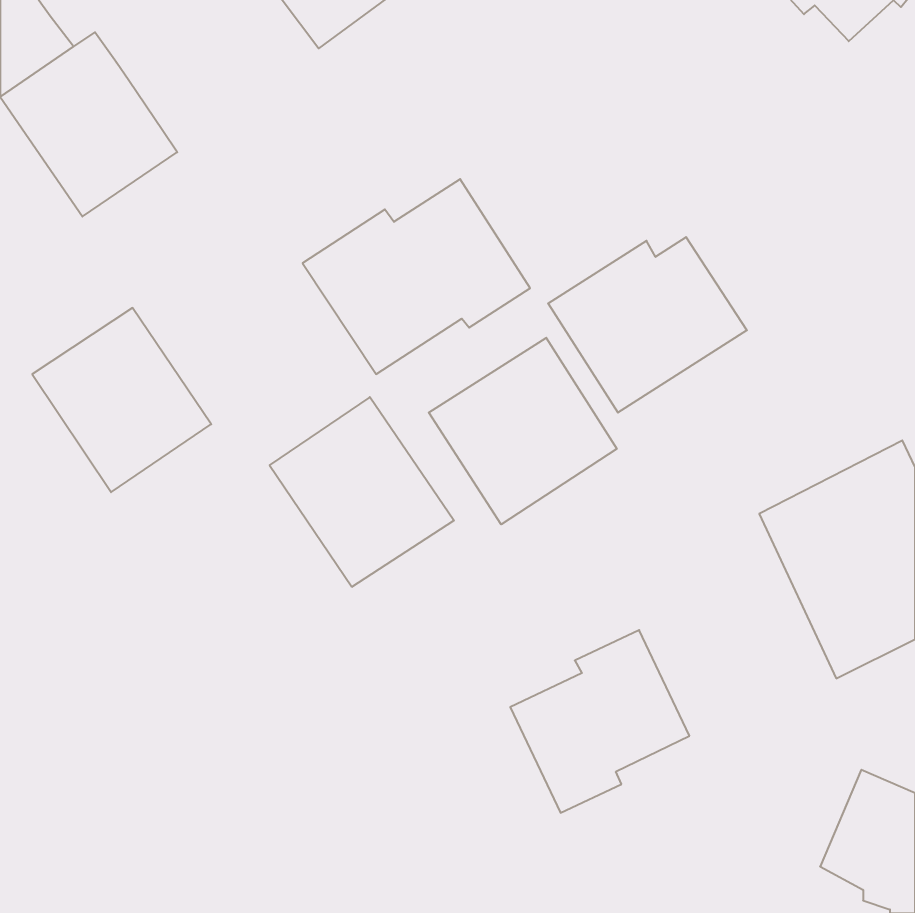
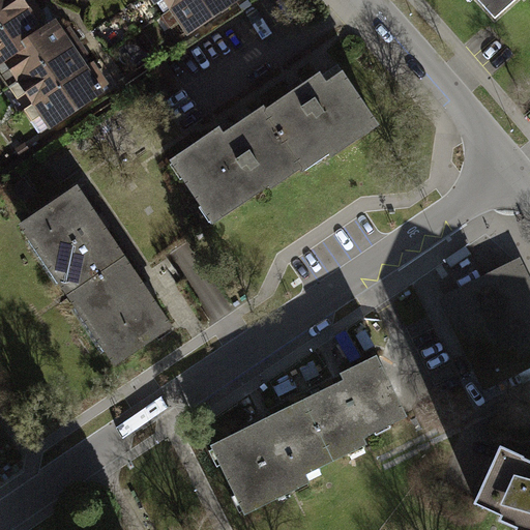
building: [548,237,747,413] -> [266,65,381,167]
building: [429,338,617,524] -> none
building: [270,397,454,587] -> [64,245,171,355]
building: none -> [206,409,324,520]

